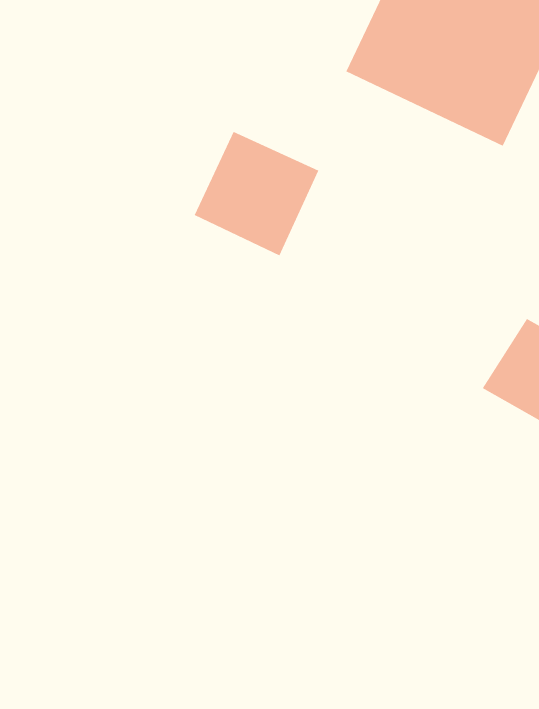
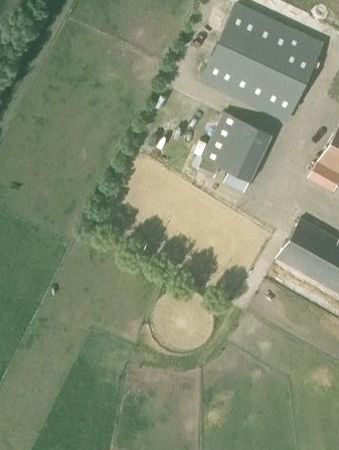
building: [194,131,319,256] -> [202,113,273,183]

